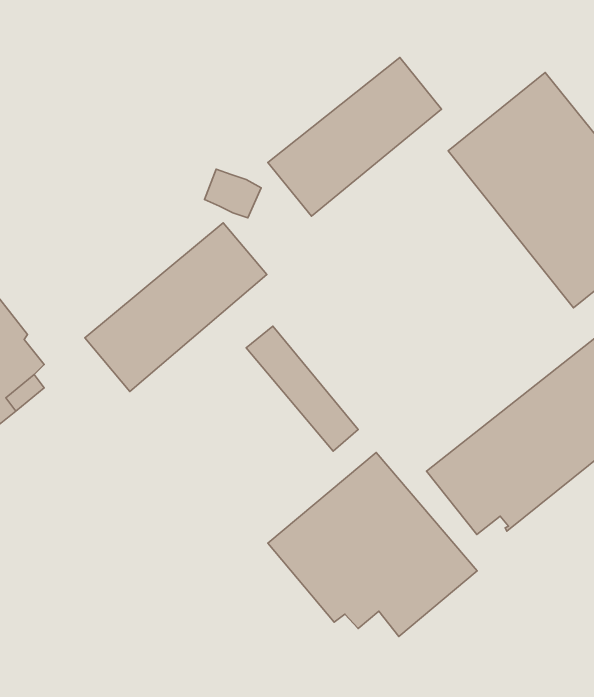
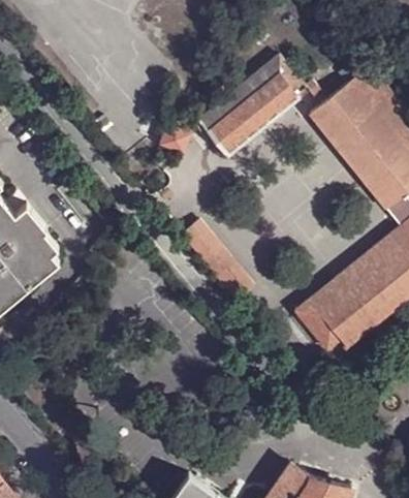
building: [85,223,267,391] -> none
building: [268,453,477,637] -> none

